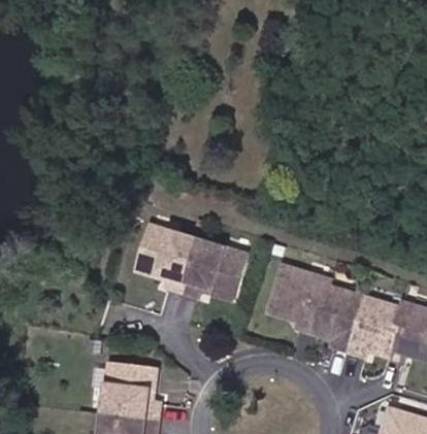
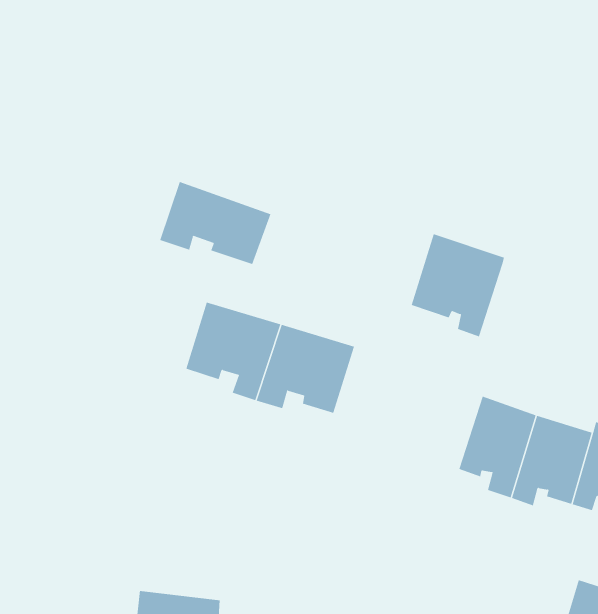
building: none -> [160,181,271,265]
building: [267,265,328,332] -> [411,233,505,337]
building: [105,359,160,416] -> none

